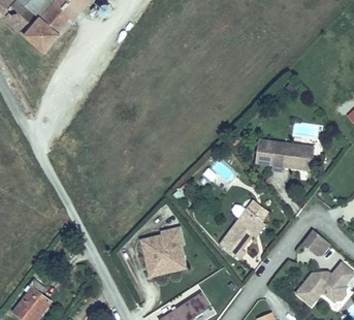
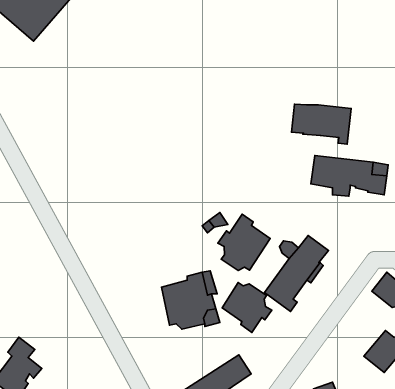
building: none -> [291,104,351,144]
building: none -> [218,214,270,270]
building: none -> [222,283,272,333]

